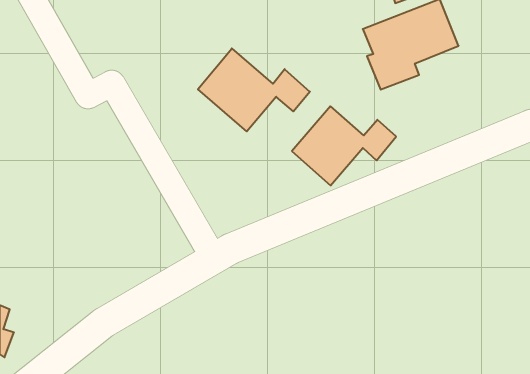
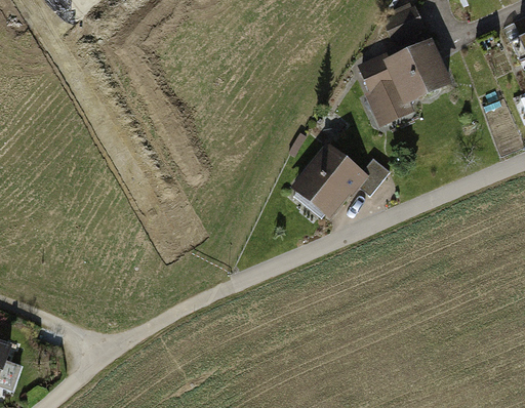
building: [198,48,310,131] -> none

